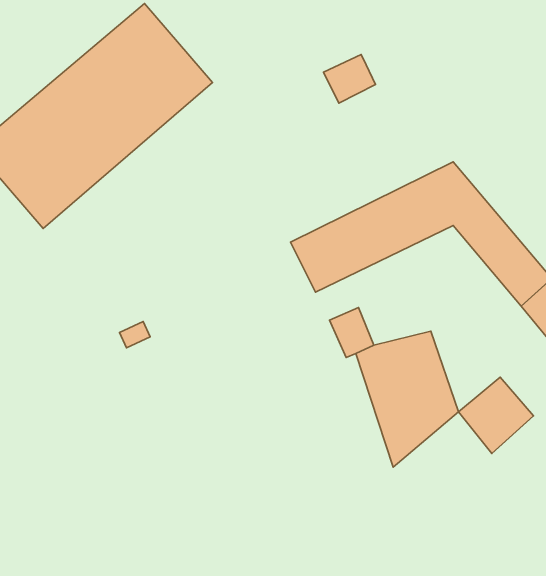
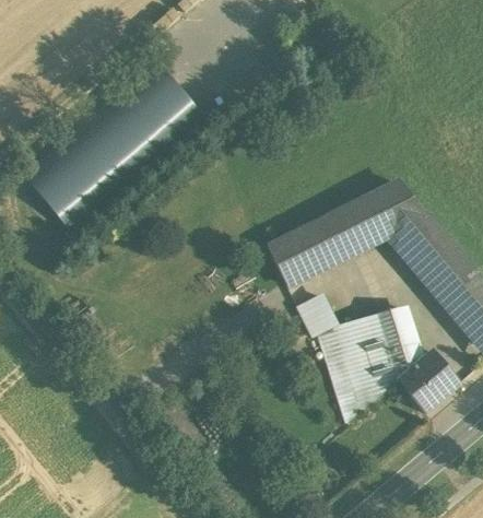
building: [324,54,375,103] -> none
building: none -> [377,308,417,376]

